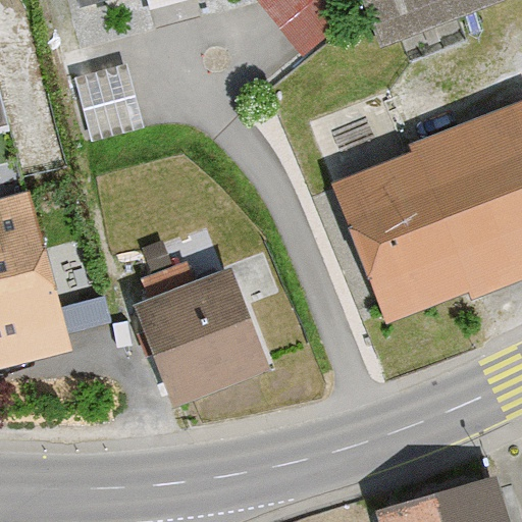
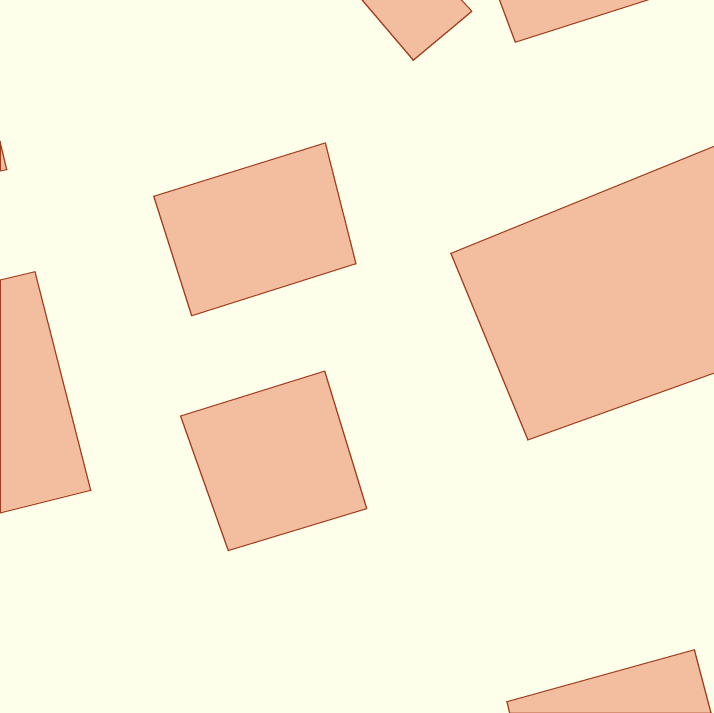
building: none -> [154,143,356,316]

